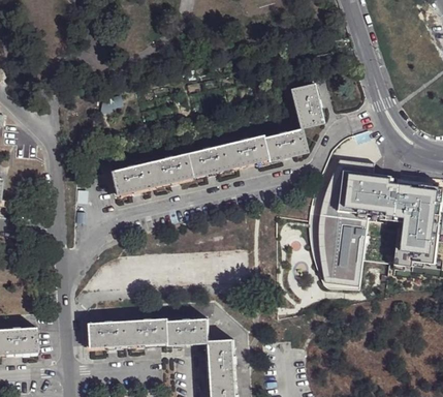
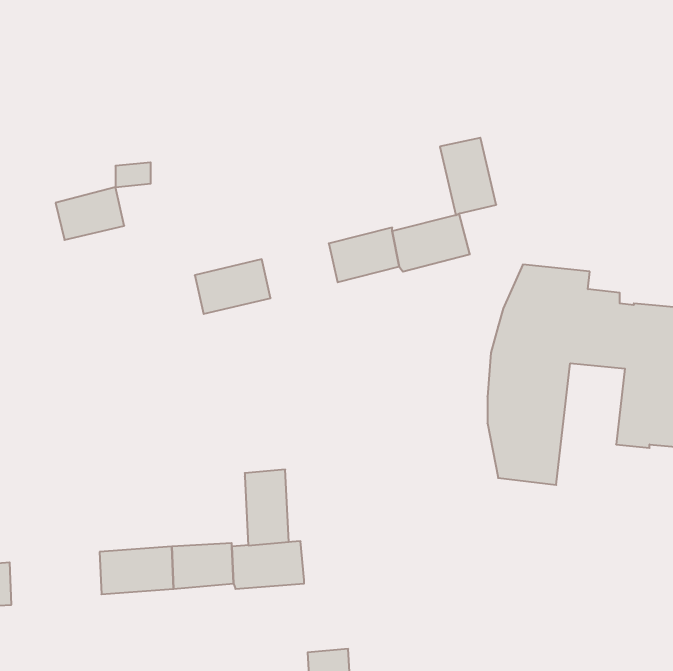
building: [185,144,229,176] -> none
building: [110,162,151,193] -> [56,187,124,240]
building: [210,339,235,384] -> [245,470,289,545]

